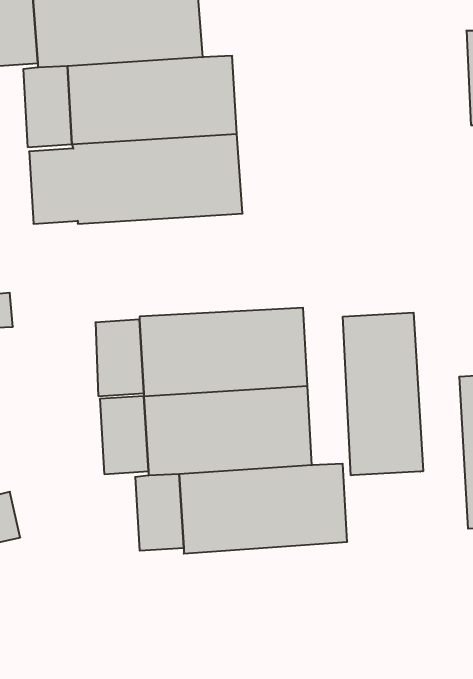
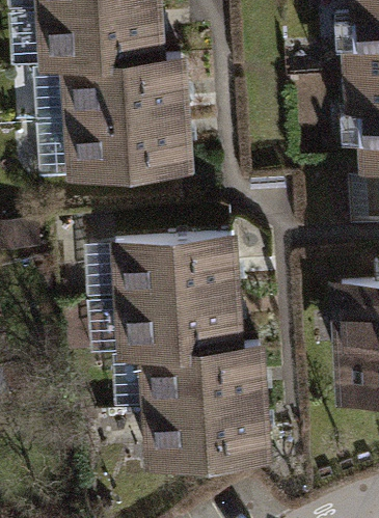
building: [343,313,423,475] -> none
building: none -> [148,405,267,468]

